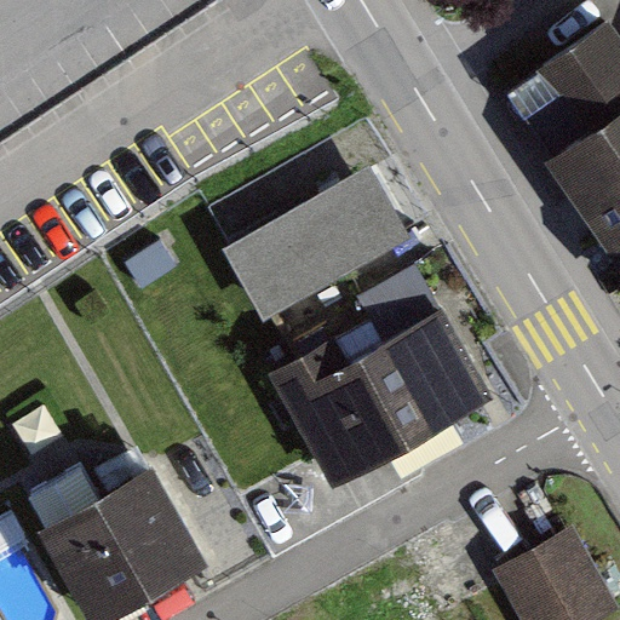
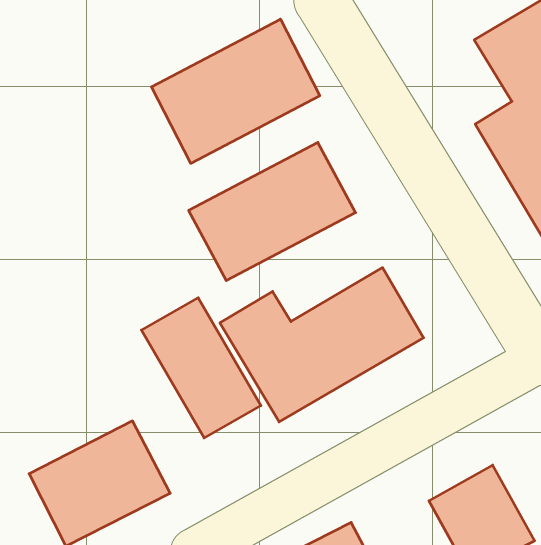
building: none -> [152,19,320,163]
building: none -> [141,298,261,438]

